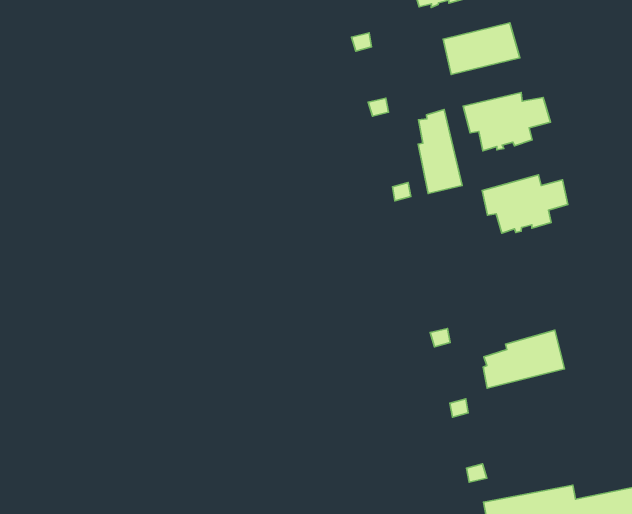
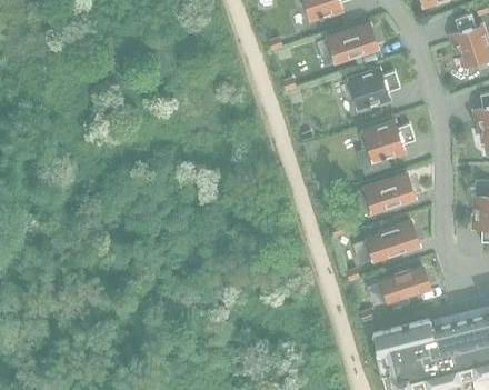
building: [418,109,462,194] -> none
building: none -> [365,174,415,211]
building: none -> [378,269,430,303]

